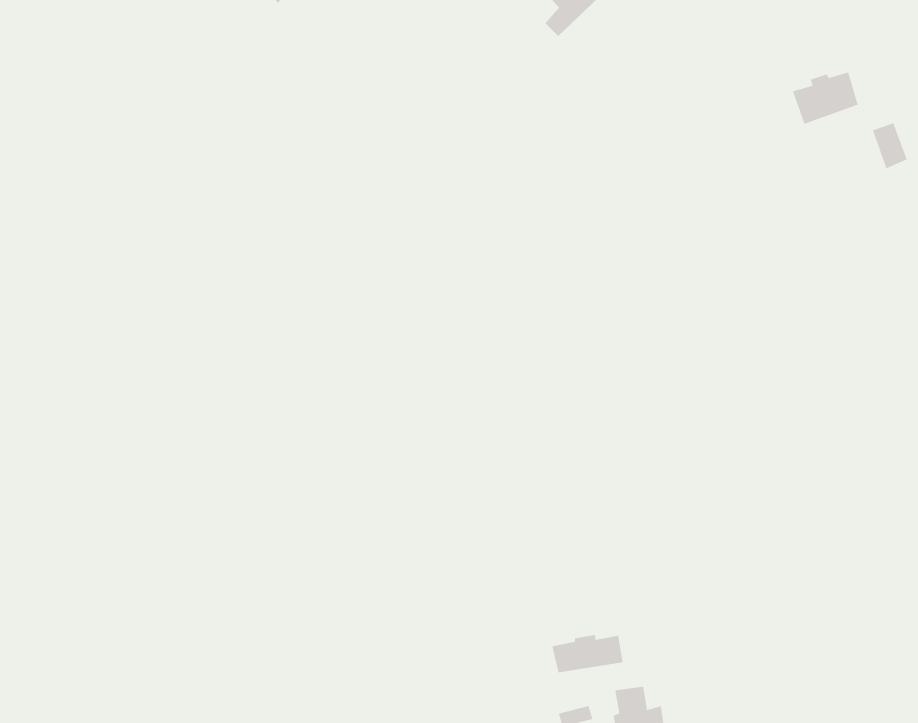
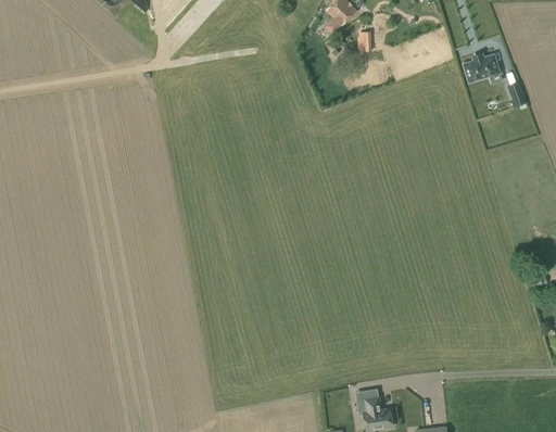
building: [552,634,623,673] -> none

